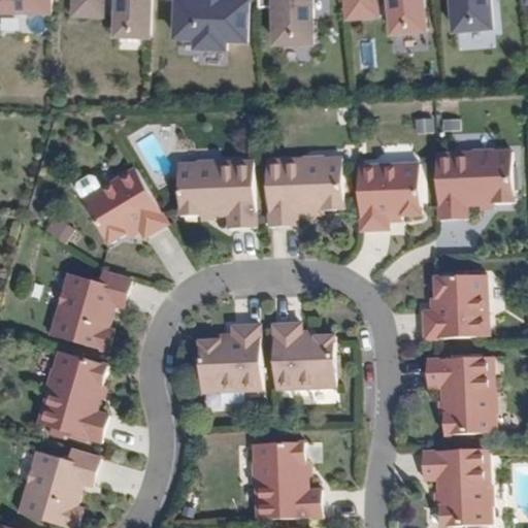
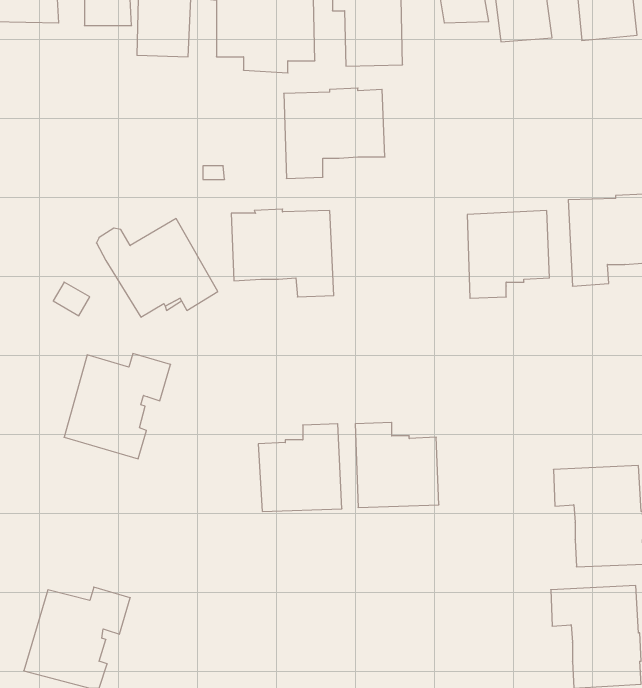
building: [267,156,344,225] -> [284,88,385,178]
building: [423,273,488,338] -> none
building: [37,350,108,440] -> none
building: [255,440,324,519] -> none

